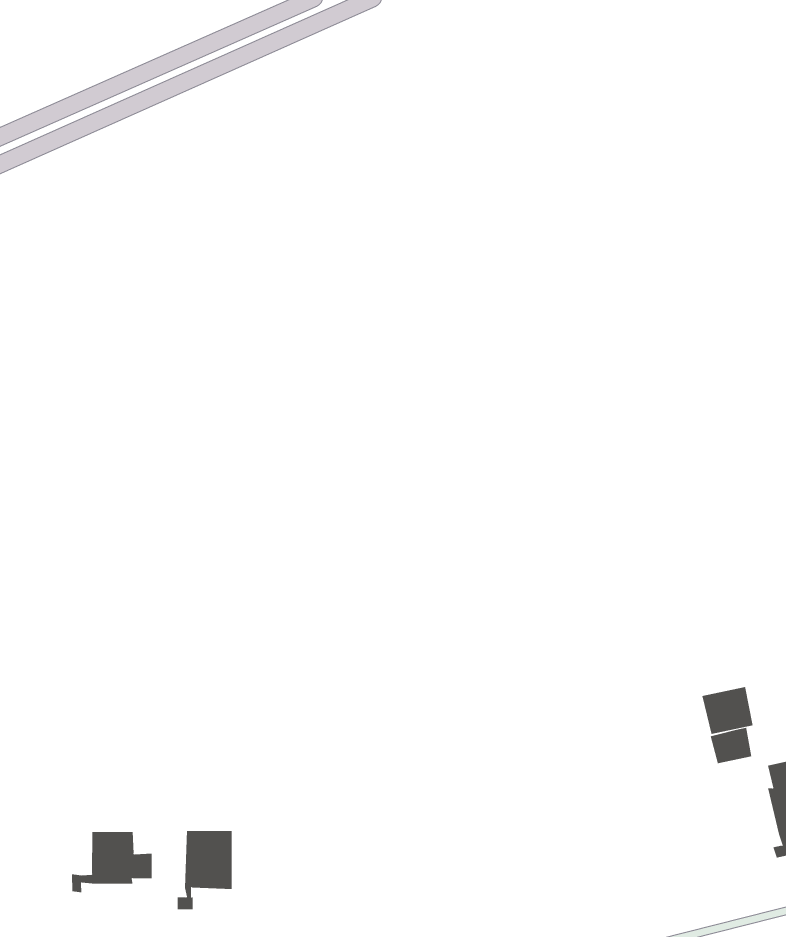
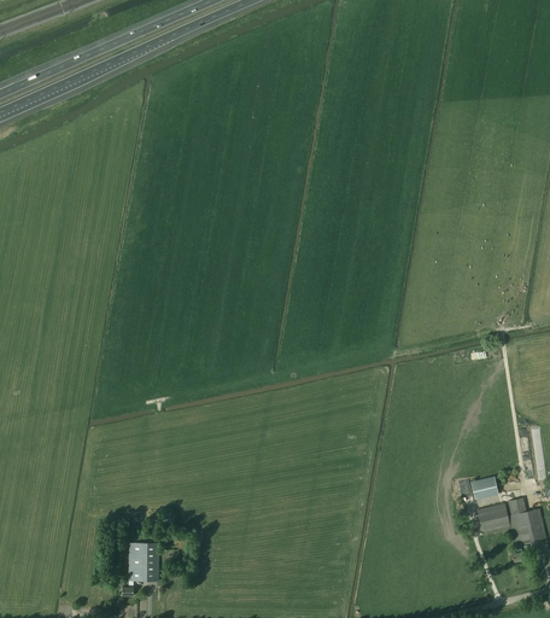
building: [702,686,753,735] -> [475,503,509,535]
building: [72,831,152,893] -> none

